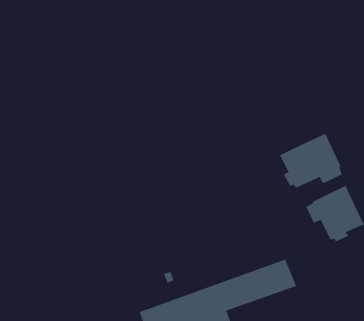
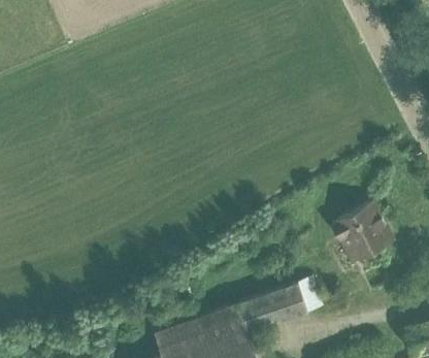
building: [279,133,343,188] -> none

